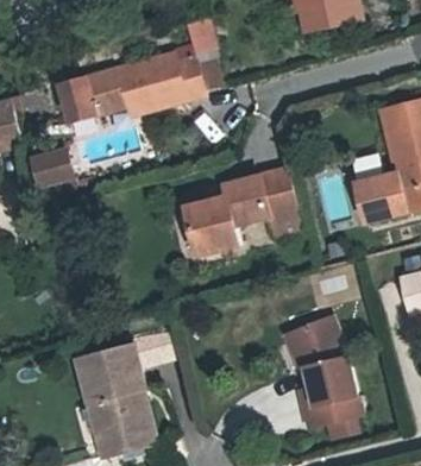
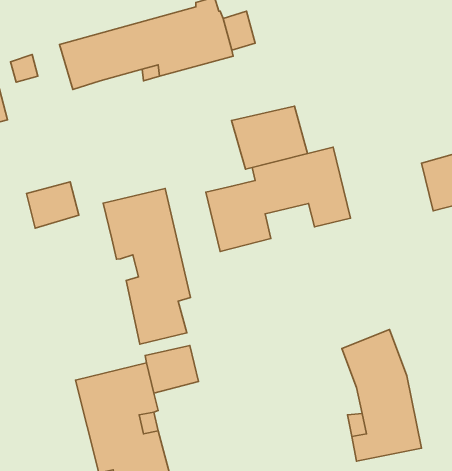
building: none -> [232,106,307,169]
building: [30,149,73,187] -> [27,182,79,228]
building: none -> [103,188,191,344]

